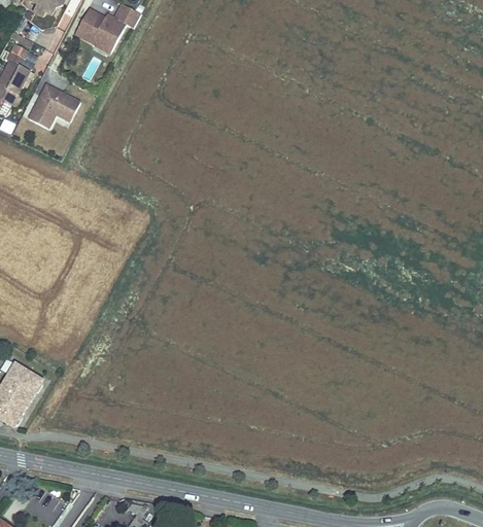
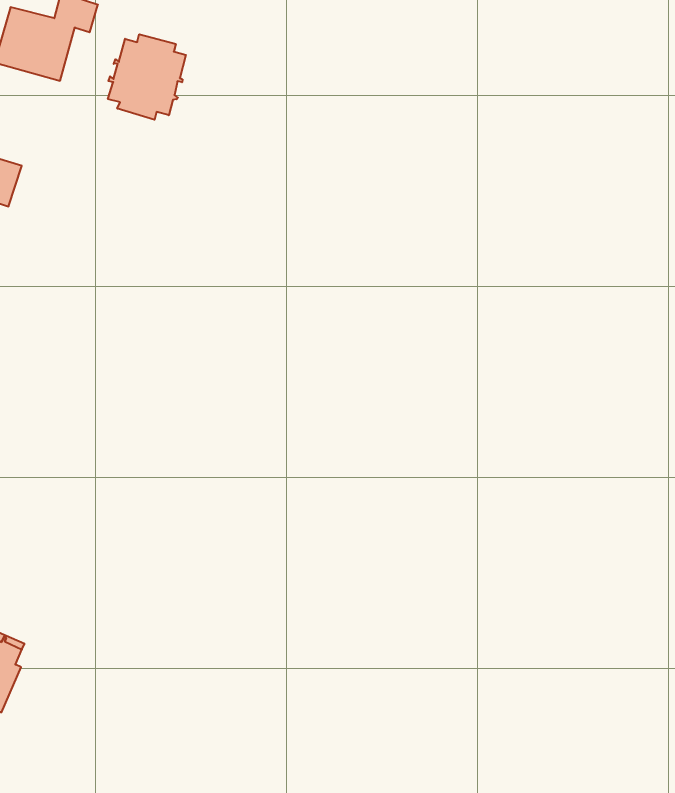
building: none -> [108,34,186,120]

